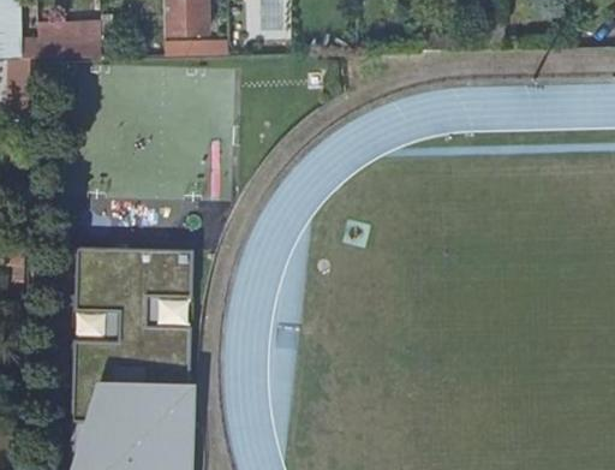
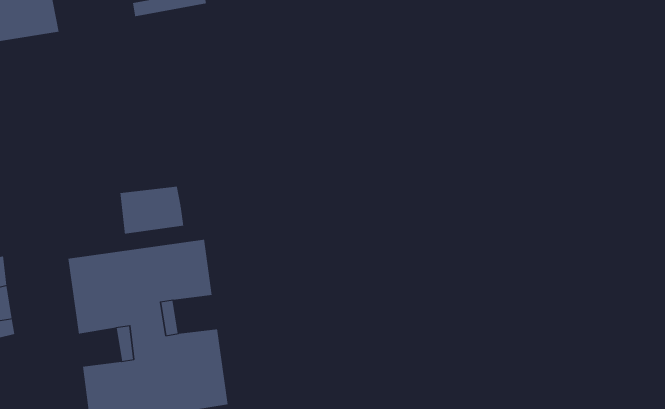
building: none -> [120,186,184,234]

